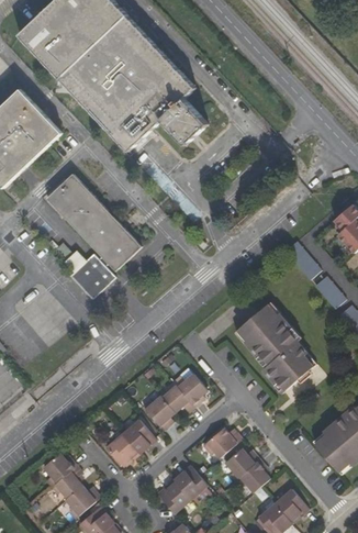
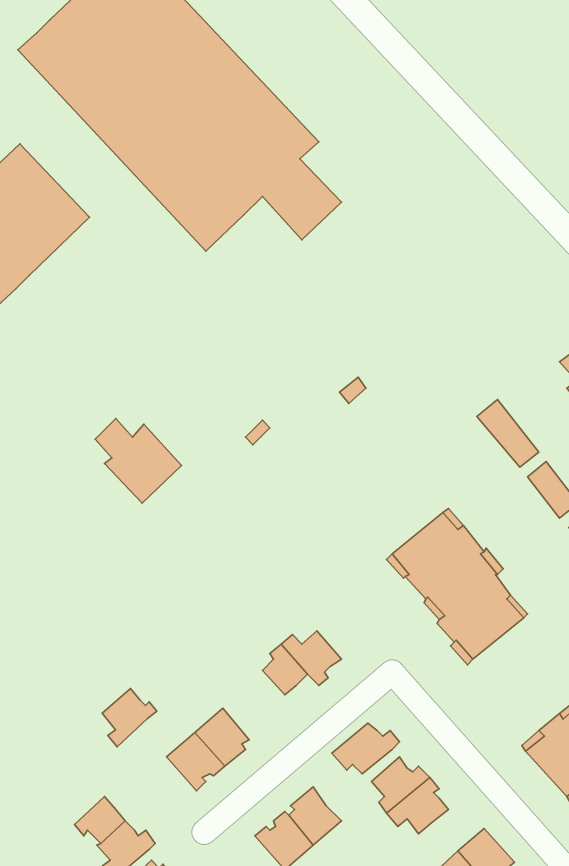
building: [45,174,139,270] -> none
building: [141,396,174,430] -> none
building: [42,453,74,487] -> [102,689,157,747]

